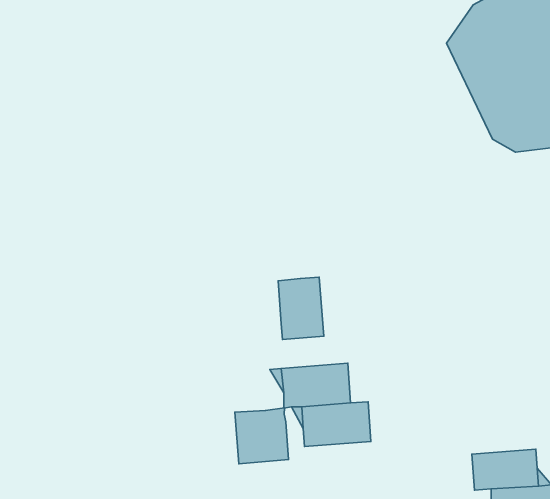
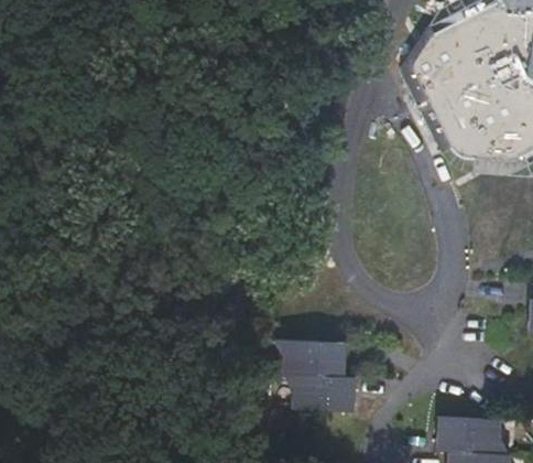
building: [278,277,324,340] -> none
building: [235,408,289,464] -> none

